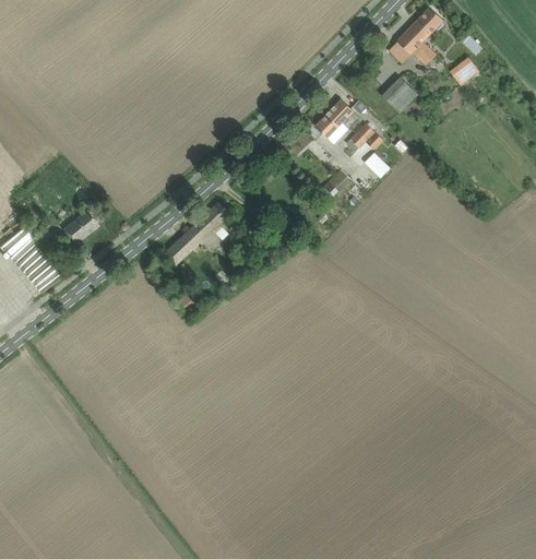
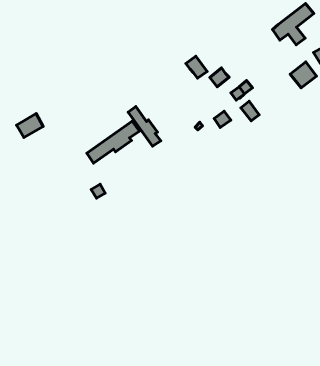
building: [382,78,418,114] -> [290,62,317,88]
building: [329,99,359,129] -> [186,56,207,78]
building: none -> [128,106,161,146]

